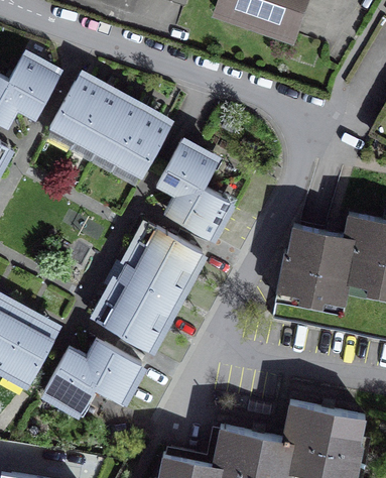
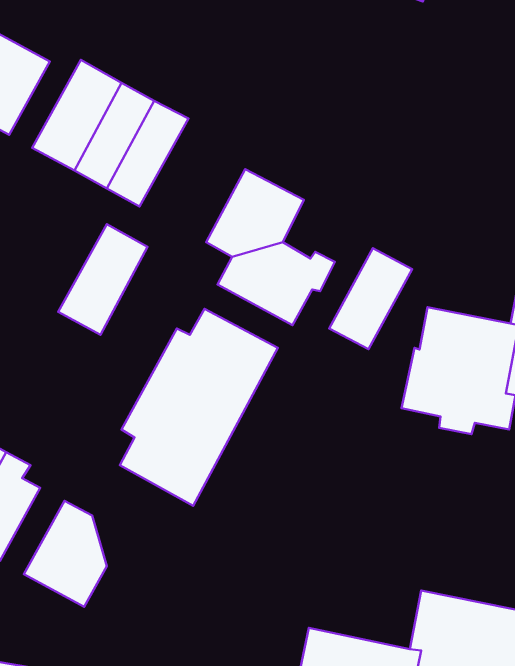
building: [116,110,171,178] -> [58,224,148,335]
building: none -> [329,248,412,349]
building: [87,340,142,400] -> none

